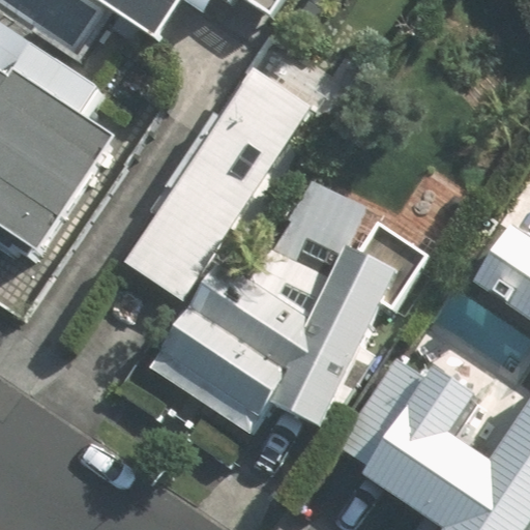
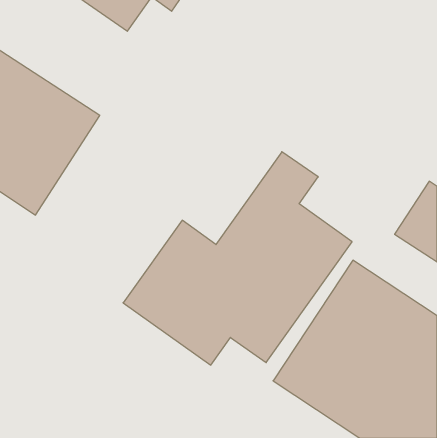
building: [124,53,331,301] -> none

